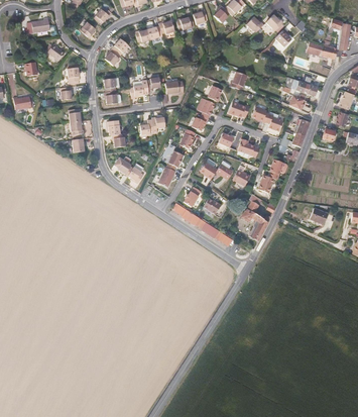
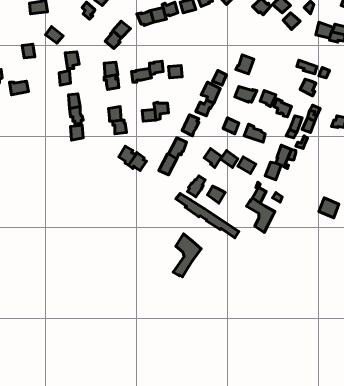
building: none -> [173,234,201,277]

